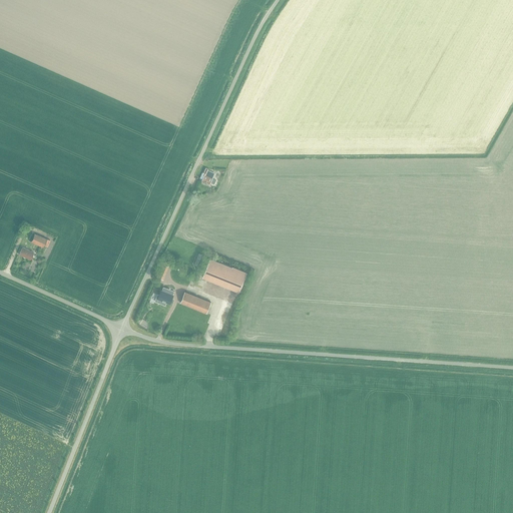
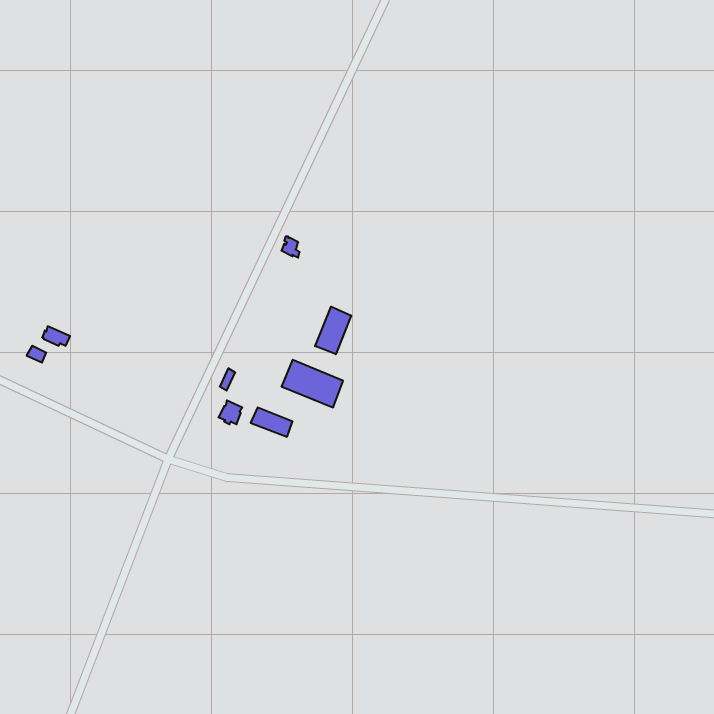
building: none -> [315,307,351,354]

